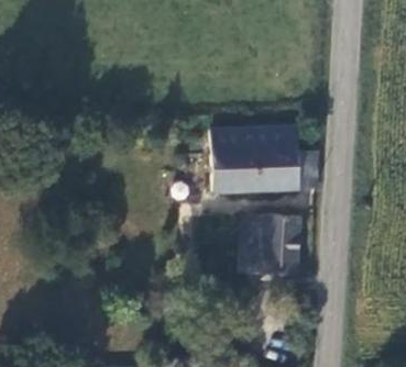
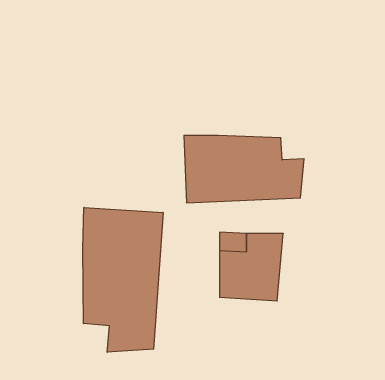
building: none -> [83,207,163,352]

